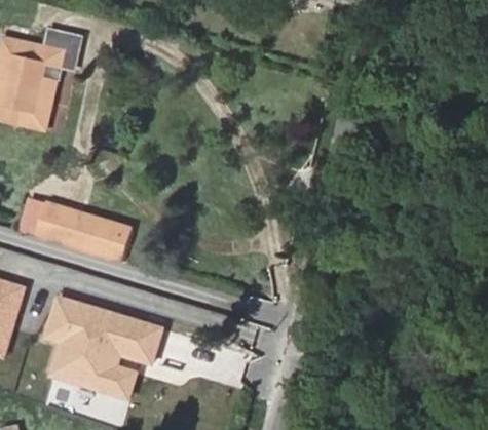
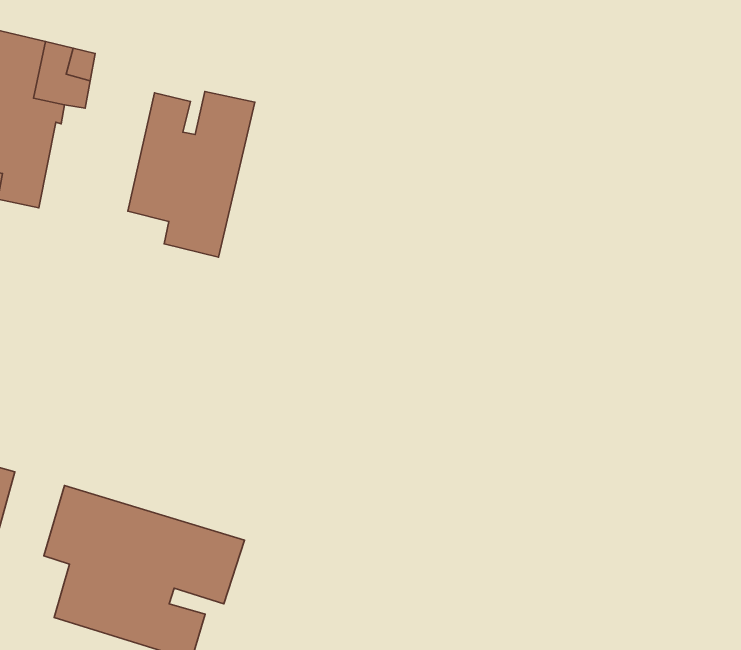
building: none -> [128,92,255,257]
building: [35,200,130,258] -> none

